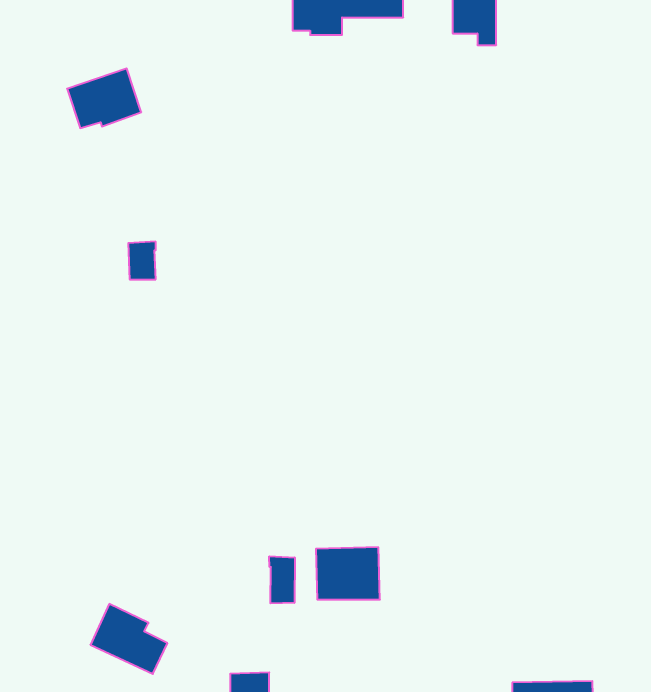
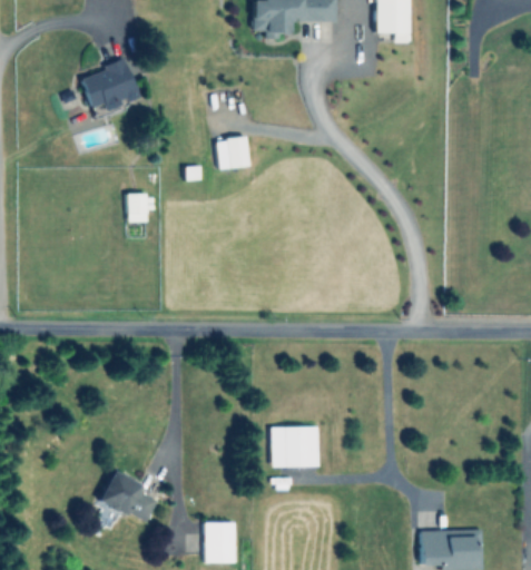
building: none -> [216,137,249,169]
building: [269,556,295,603] -> none

